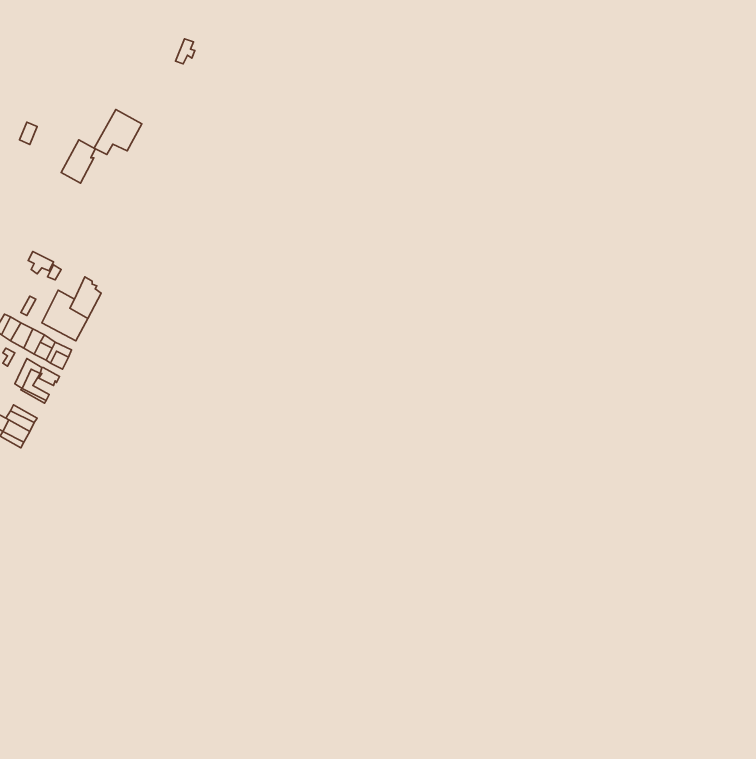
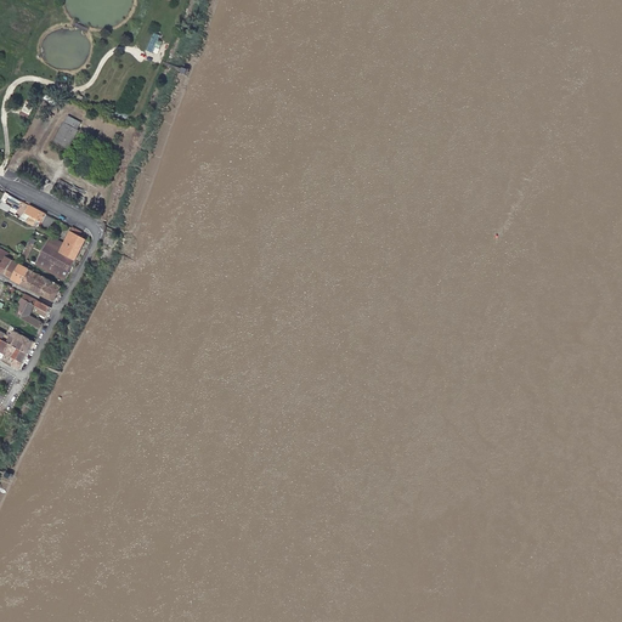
building: [94,109,142,155] -> none

